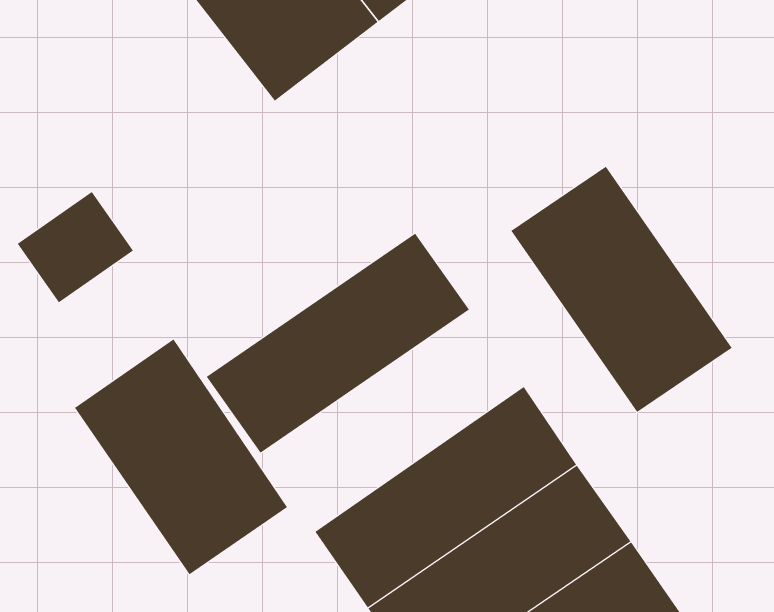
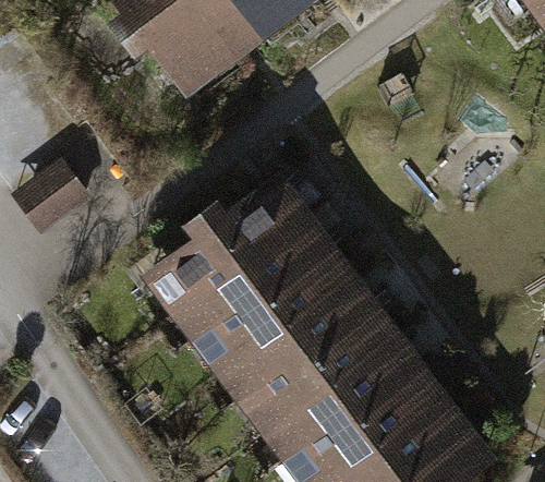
building: [510,166,732,413] -> none
building: none -> [183,236,363,387]
building: [74,338,288,575] -> none

